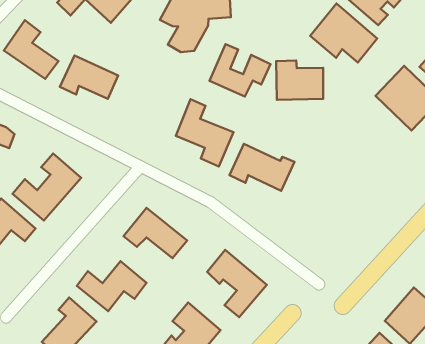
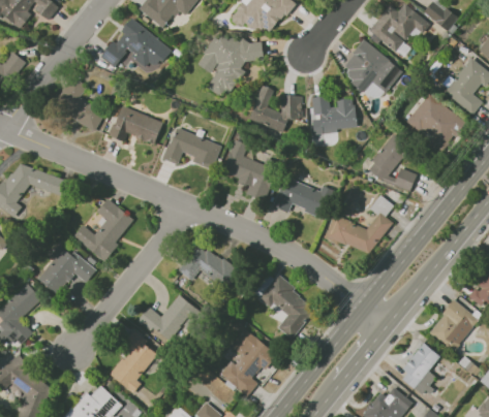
building: none -> [162,127,221,168]
building: none -> [370,134,416,190]
building: none -> [326,195,393,254]

